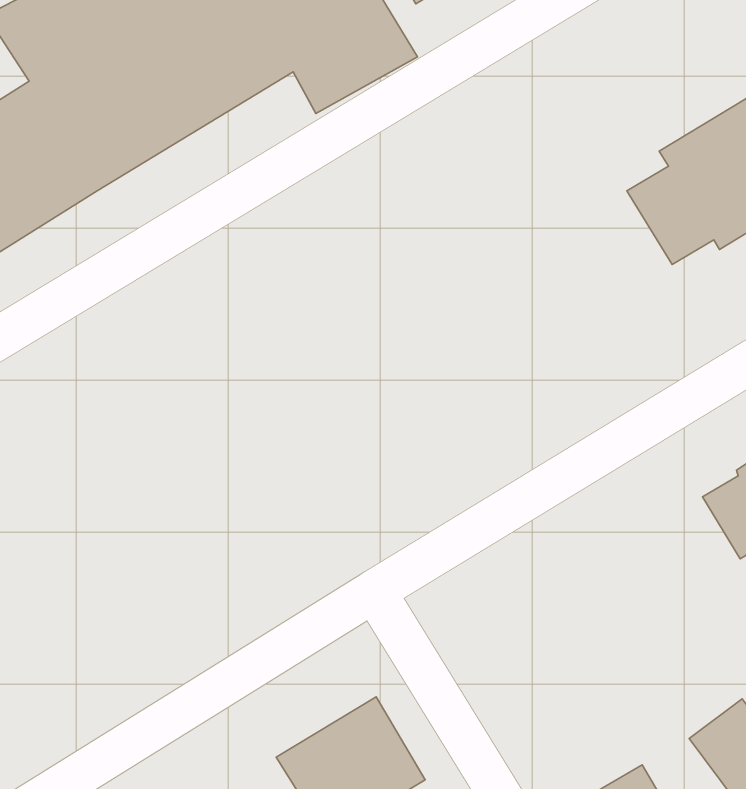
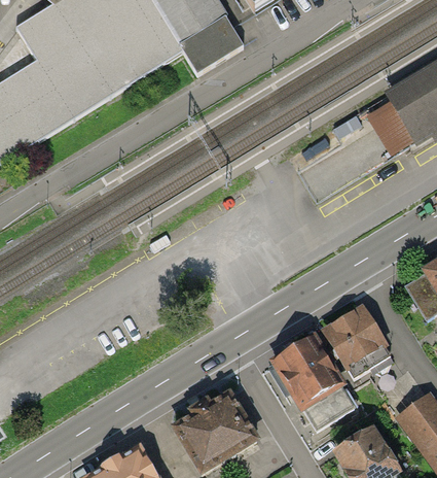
building: none -> [325,307,390,375]
building: none -> [267,337,354,428]

